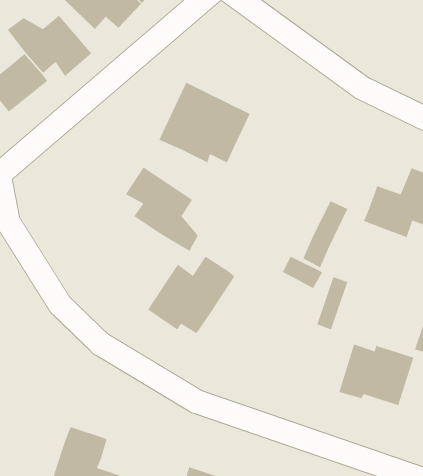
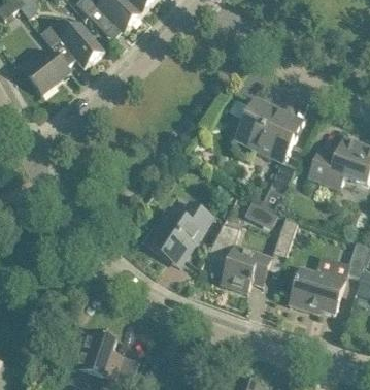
building: [158,82,251,163] -> [234,96,303,157]
building: [125,167,199,252] -> none
building: none -> [205,223,272,293]

